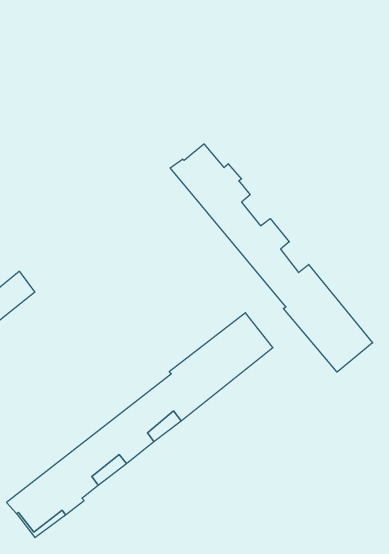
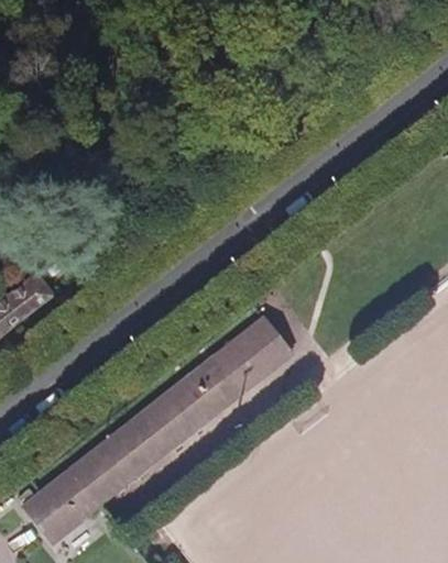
building: [170,144,373,372] -> none

